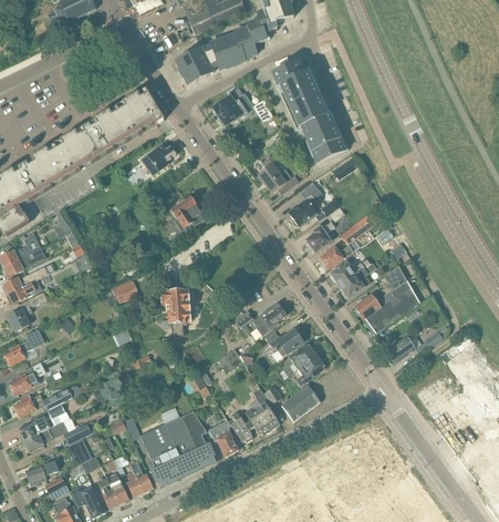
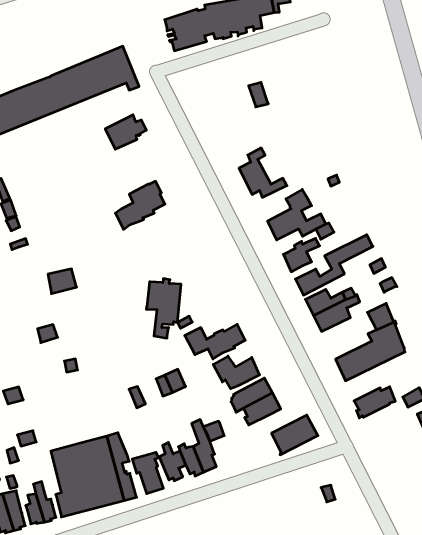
building: [271,61,347,161] -> none
building: [211,84,252,125] -> none
building: [160,287,189,336] -> [146,279,181,338]
building: [353,293,391,318] -> none
building: [281,385,320,421] -> [272,415,318,455]

